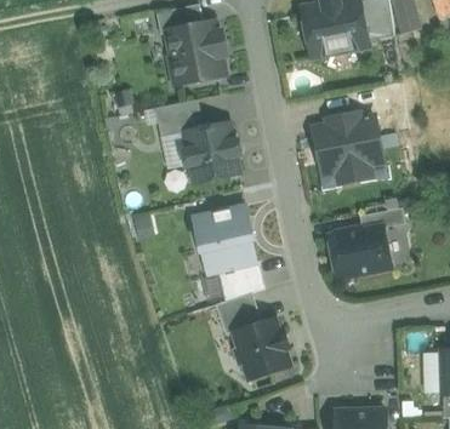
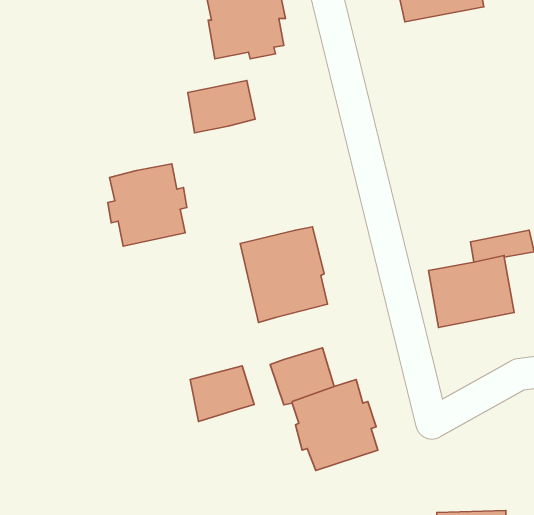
building: [314,114,383,182] -> none
building: [183,122,240,182] -> [108,164,187,246]
building: [218,261,264,301] -> [190,366,254,421]

